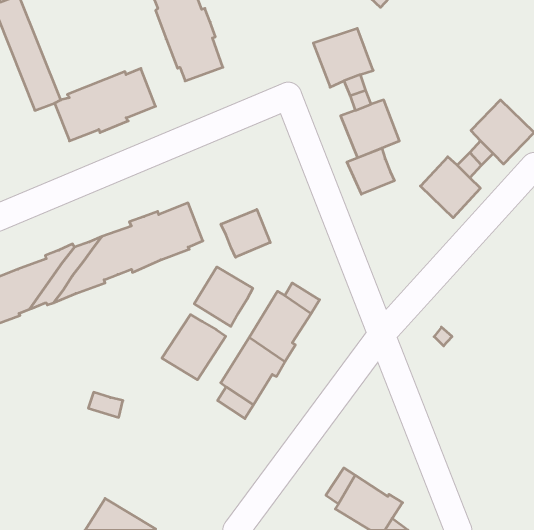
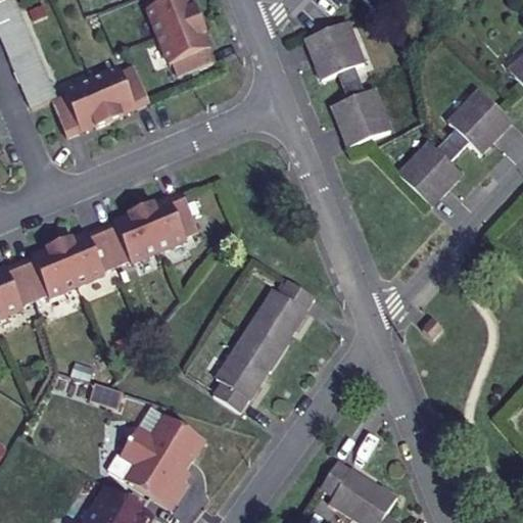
building: [347,148,394,194] -> none
building: [221,209,270,257] -> none
building: [194,267,253,326] -> none
building: [162,315,226,380] -> none
building: none -> [104,412,202,506]

